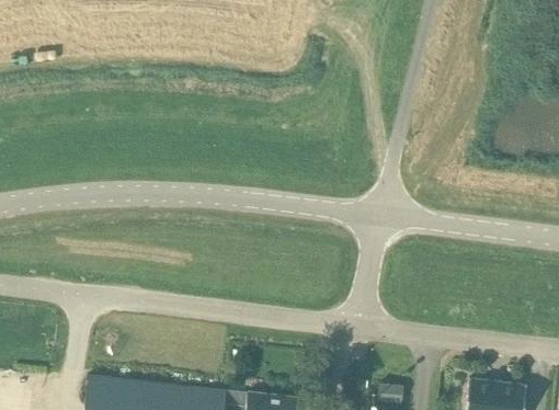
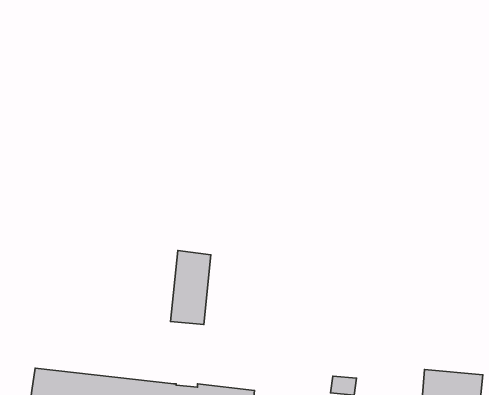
building: none -> [170,250,211,325]

